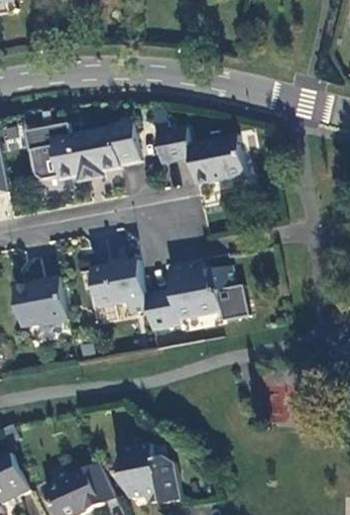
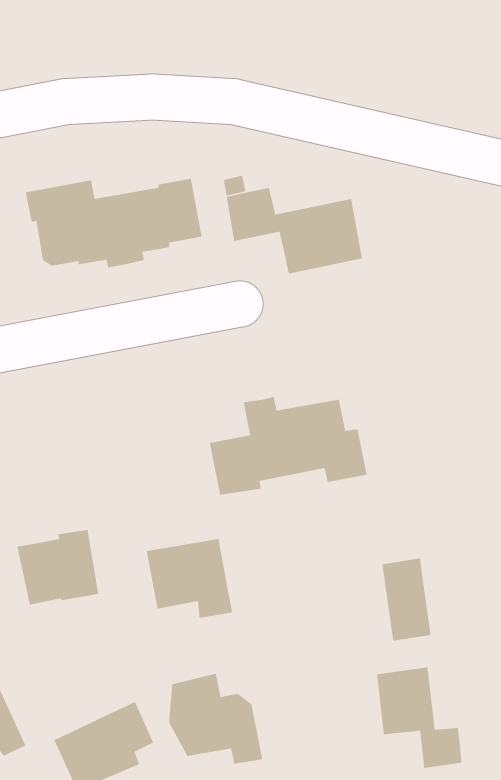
building: [91,261,147,313] -> [146,538,233,619]
building: [13,277,67,326] -> [17,529,99,605]
building: none -> [376,667,462,769]

